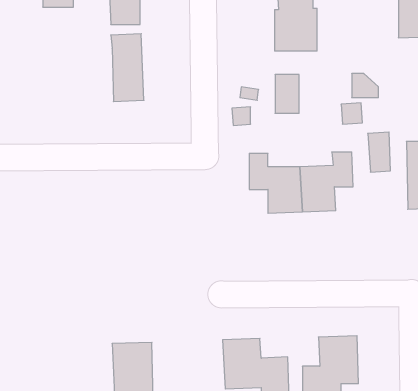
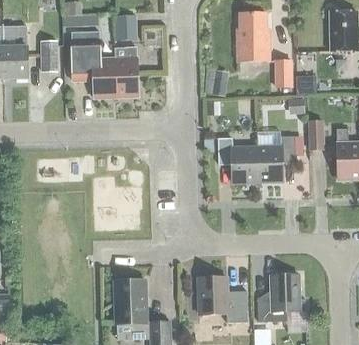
building: none -> [71,32,116,98]
building: none -> [39,41,58,72]
building: [275,75,299,113] -> [274,60,292,89]

